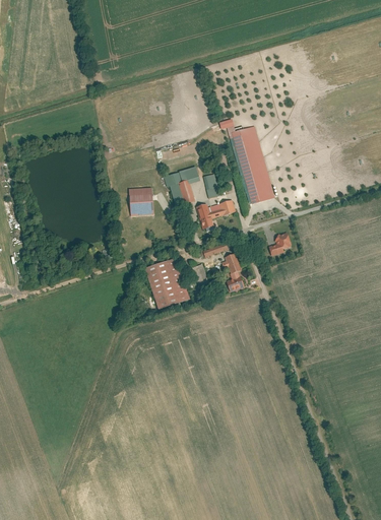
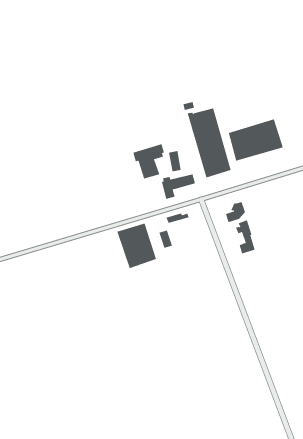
building: none -> [228,119,283,162]
building: [130,187,155,215] -> none
building: [220,253,244,292] -> [235,219,256,254]

